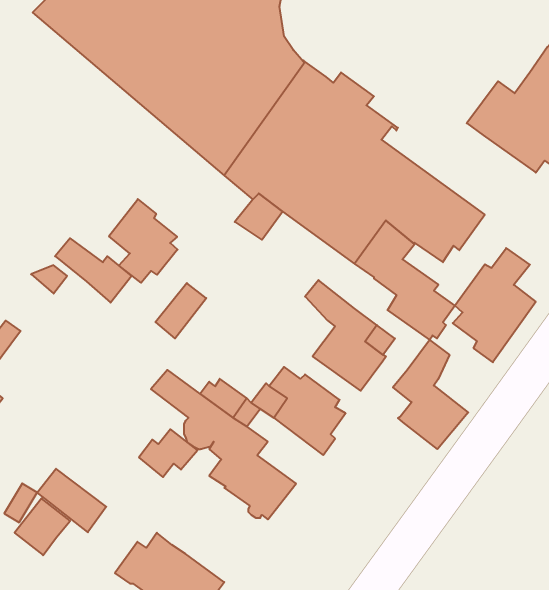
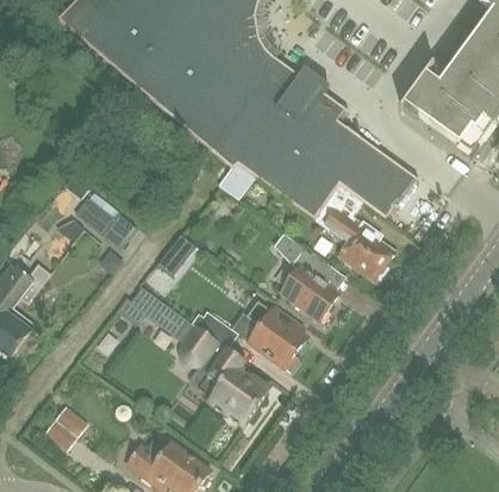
building: [109,199,178,283] -> none
building: [453,248,536,362] -> none
building: [393,340,468,449] -> none
building: [139,429,197,477] -> [119,286,166,324]
building: [37,469,106,532] -> none

